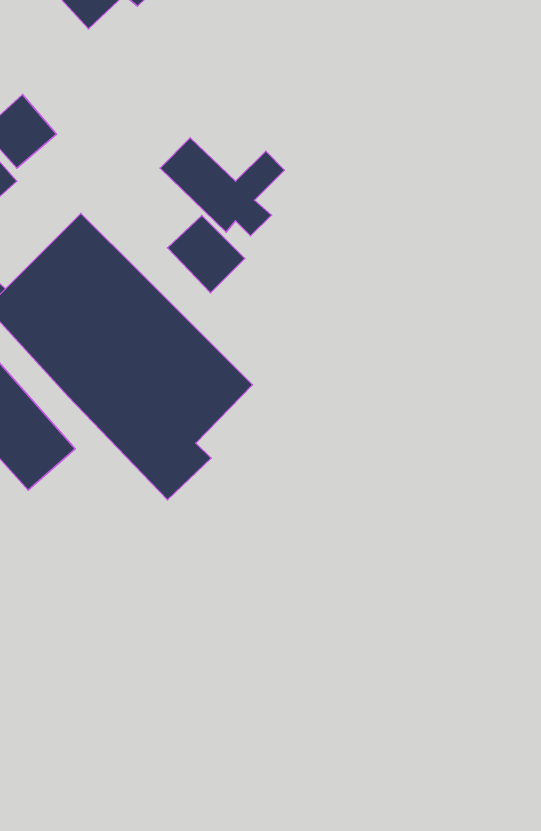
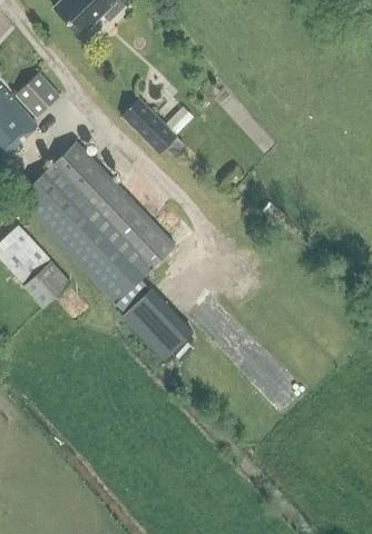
building: [168,216,245,293] -> none
building: none -> [128,284,203,359]

